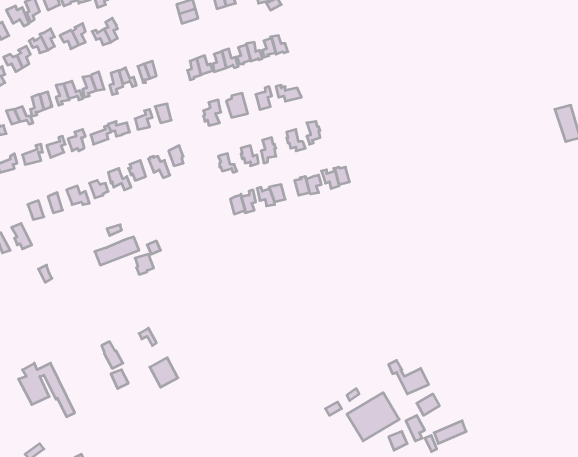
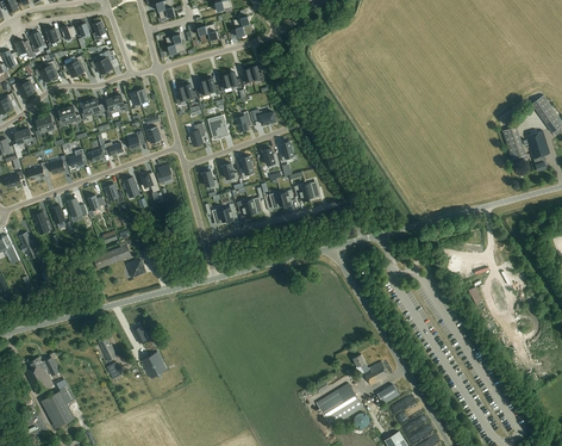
building: none -> [42,391,75,428]

